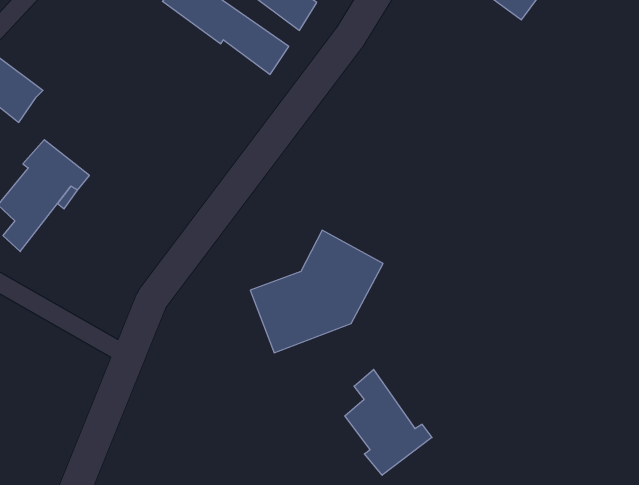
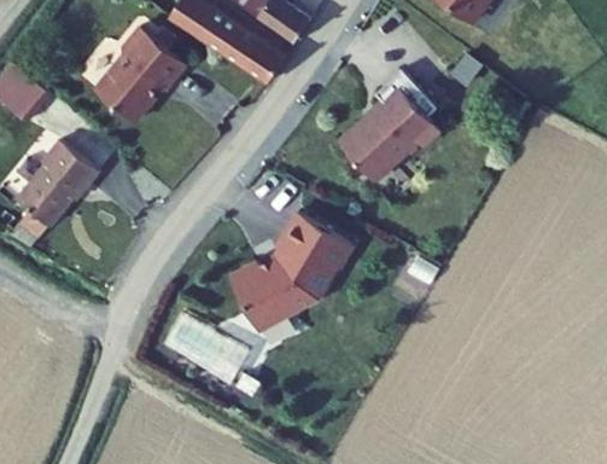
building: none -> [89,23,181,120]
building: none -> [338,69,438,180]
building: [345,369,432,475] -> none

